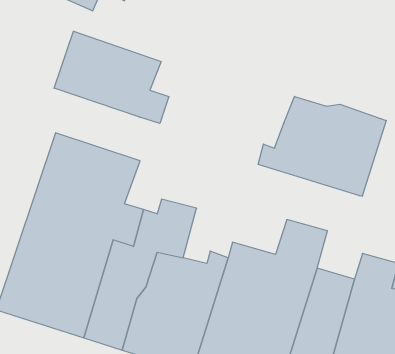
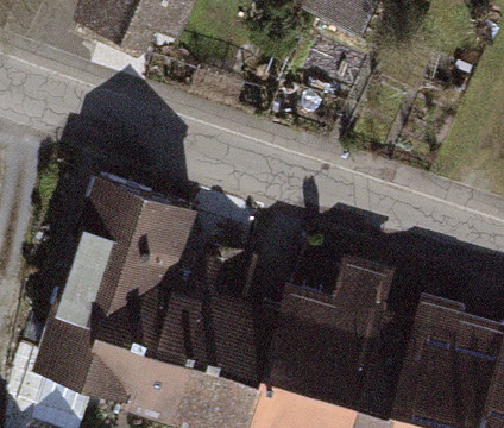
building: [54,31,169,123] -> none
building: [258,96,386,196] -> none

